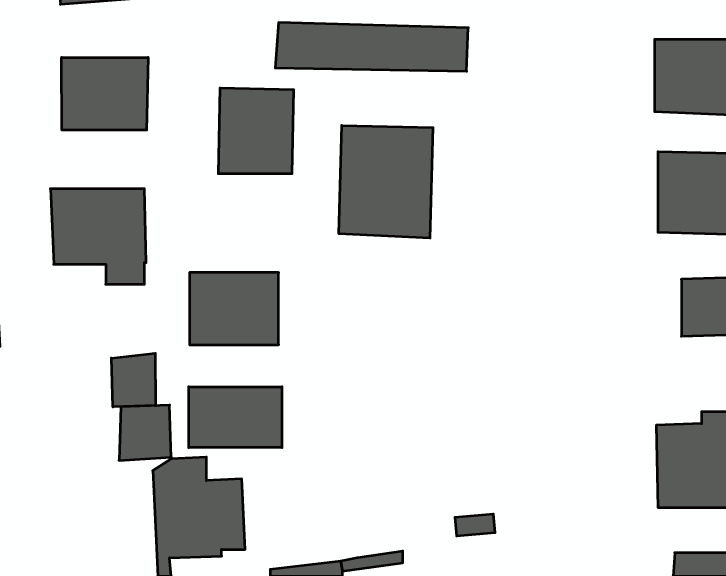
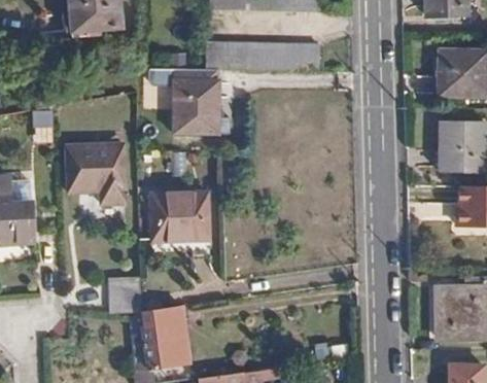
building: [62,57,148,130] -> none
building: [339,125,433,238] -> none
building: [111,353,156,407] -> none
building: [189,387,282,448] -> none

